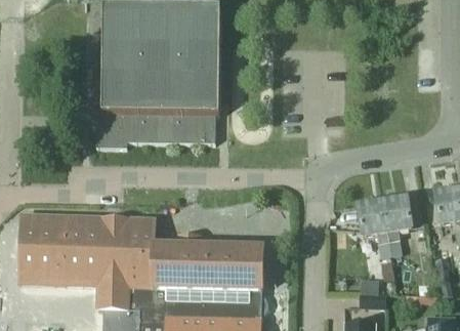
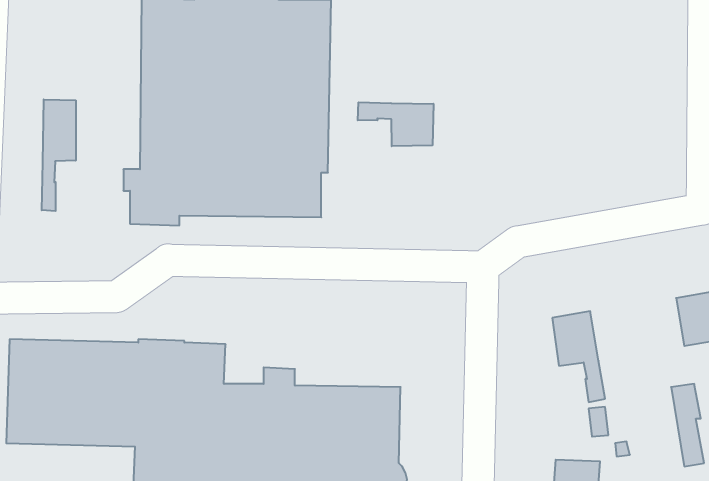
building: none -> [42,99,76,211]
building: none -> [358,102,433,146]
building: [381,196,411,254] -> none

